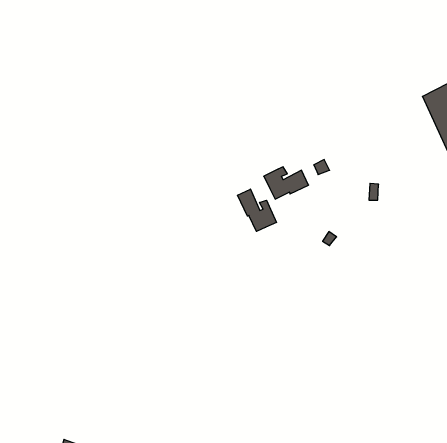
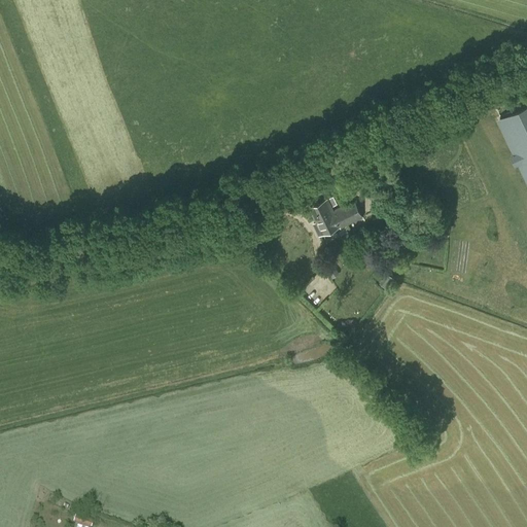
building: [238,189,277,231] -> none

